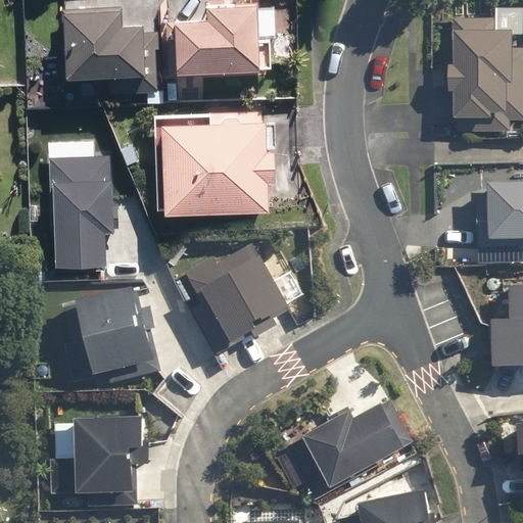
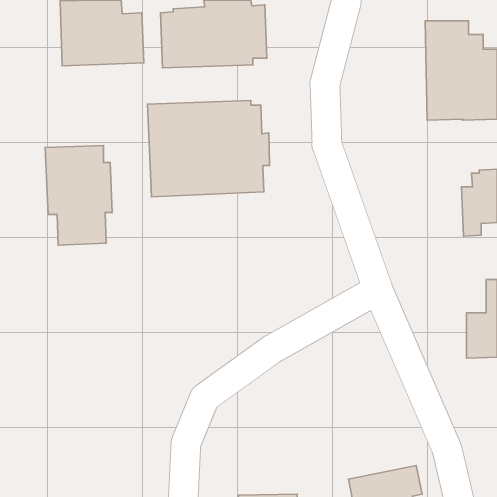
building: [188,248,299,355] -> none
building: [57,287,164,381] -> none
building: [286,398,417,501] -> none
building: [52,417,152,497] -> none

